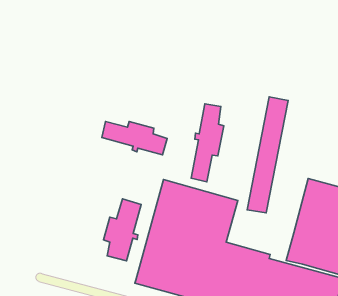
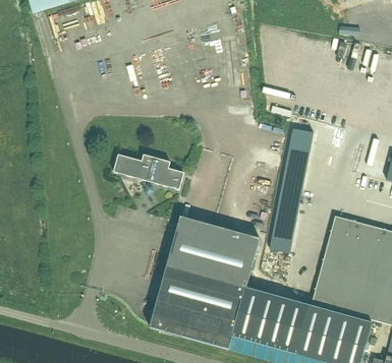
building: [191,104,224,182] -> none
building: [103,199,141,261] -> none

